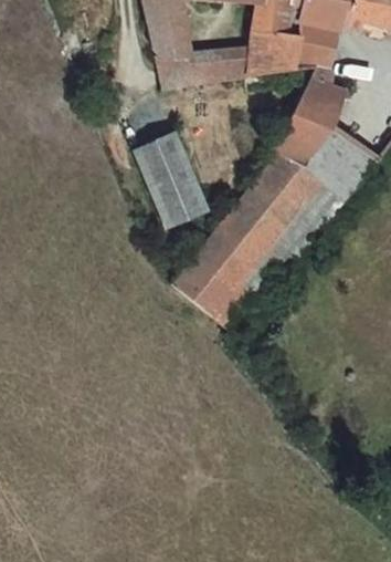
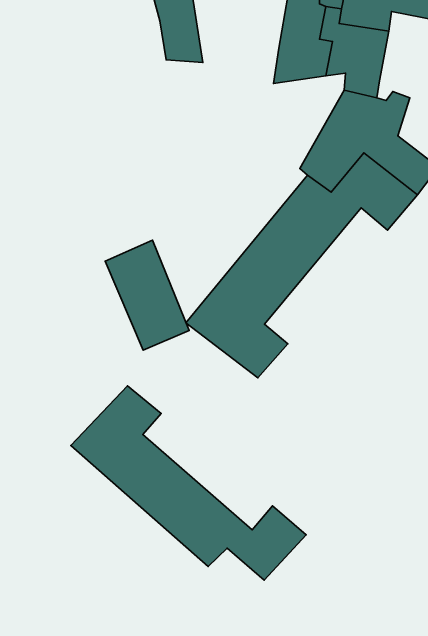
building: [157,45,252,86] -> none
building: [130,127,201,220] -> [105,240,189,350]
building: none -> [71,386,306,580]

